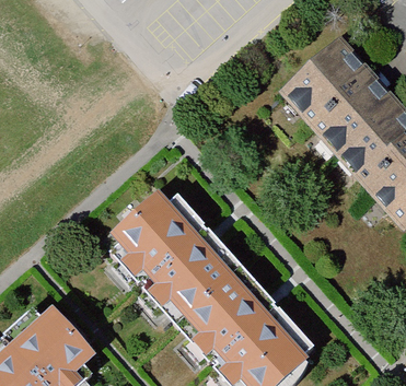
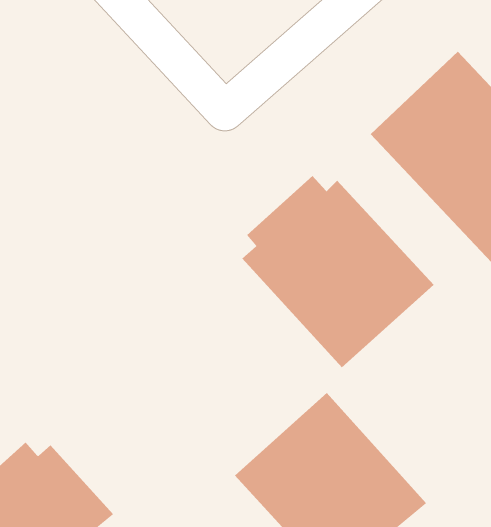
building: [115,202,252,339] -> [242,175,435,368]

